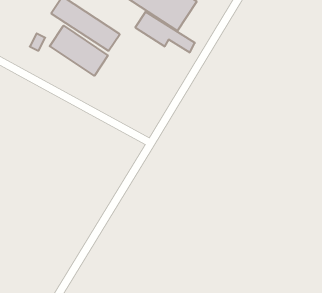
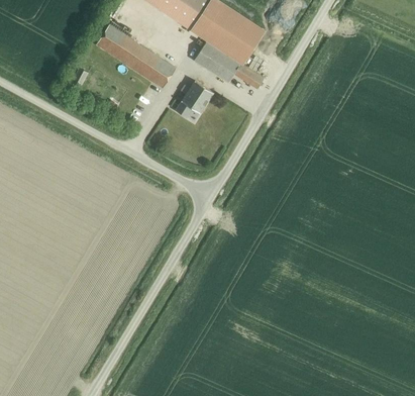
building: [50,26,108,76] -> none
building: none -> [181,81,213,114]

